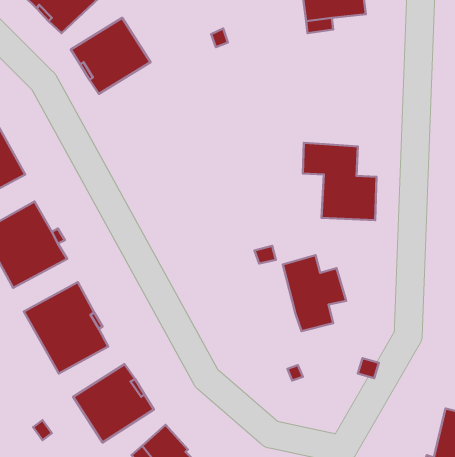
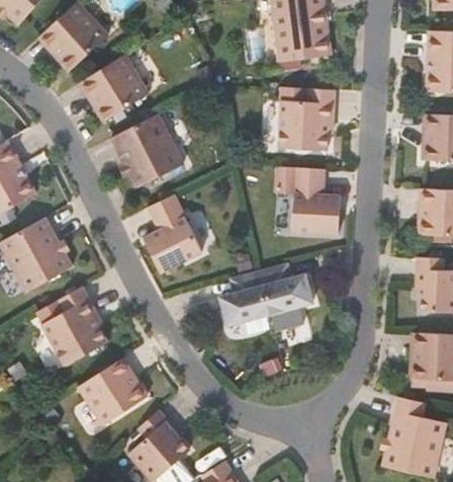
building: none -> [279,87,335,149]
building: none -> [108,114,181,188]
building: none -> [144,193,202,271]
building: none -> [220,271,270,325]

